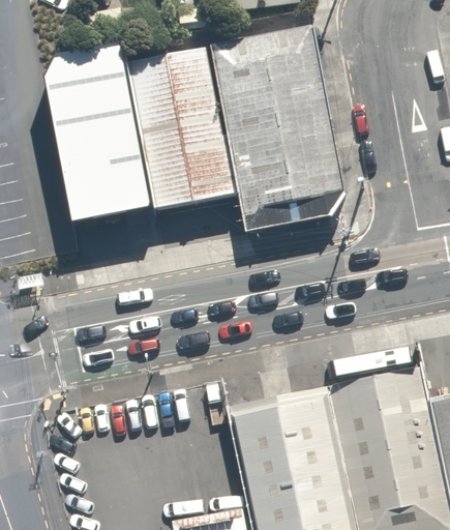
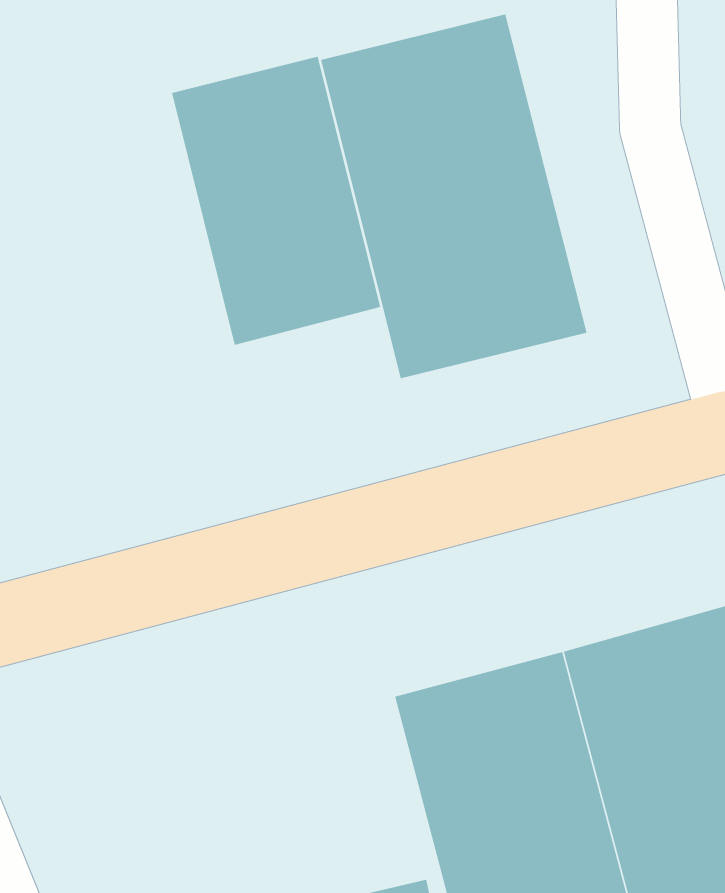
building: [41,51,152,225] -> none

